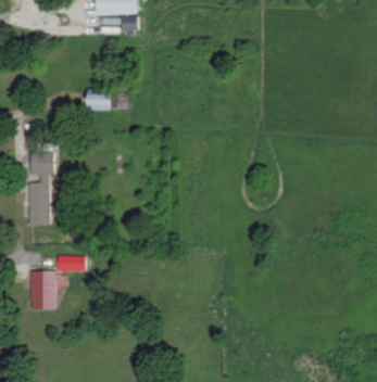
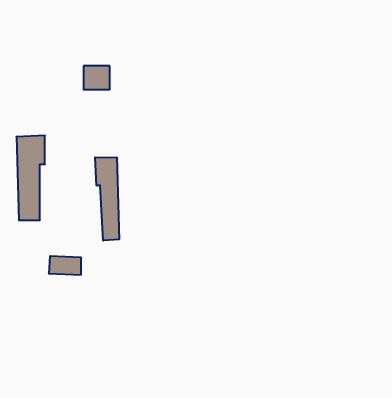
building: none -> [95,157,119,241]
building: [32,271,56,310] -> none

